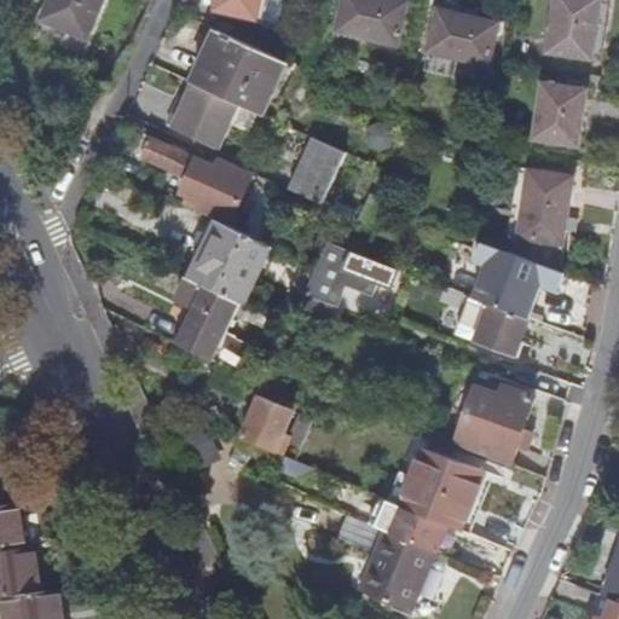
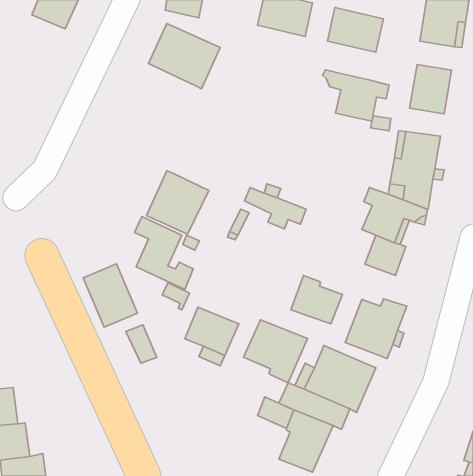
building: [164,82,254,146] -> none
building: none -> [323,70,389,121]
building: [126,133,243,225] -> none
building: [287,137,343,203] -> none
building: none -> [83,264,138,327]
building: none -> [291,276,342,324]
building: none -> [244,320,308,383]

